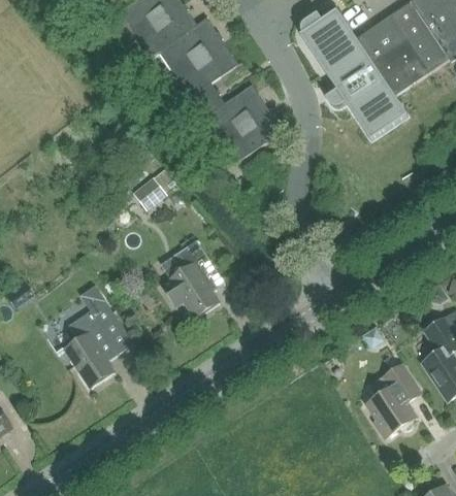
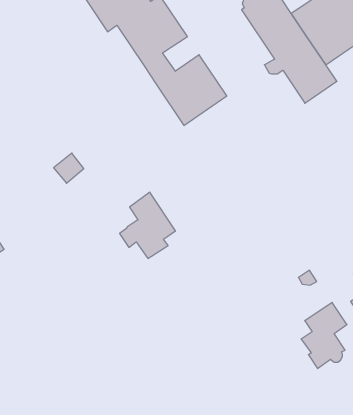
building: [132,176,166,210] -> [54,153,84,183]
building: [65,286,133,384] -> none

